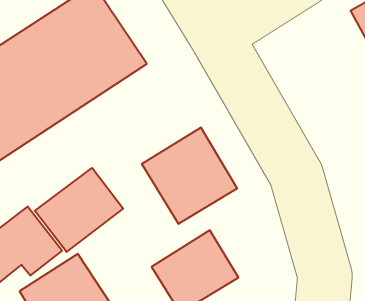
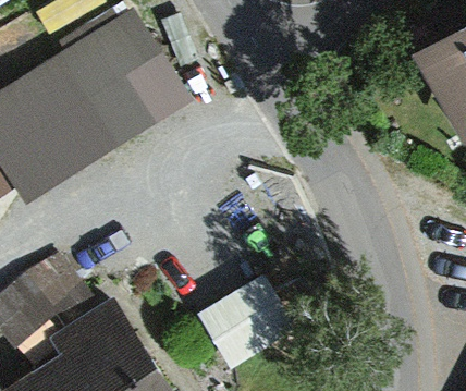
building: [142,127,237,224] -> none
building: [35,168,123,252] -> none

